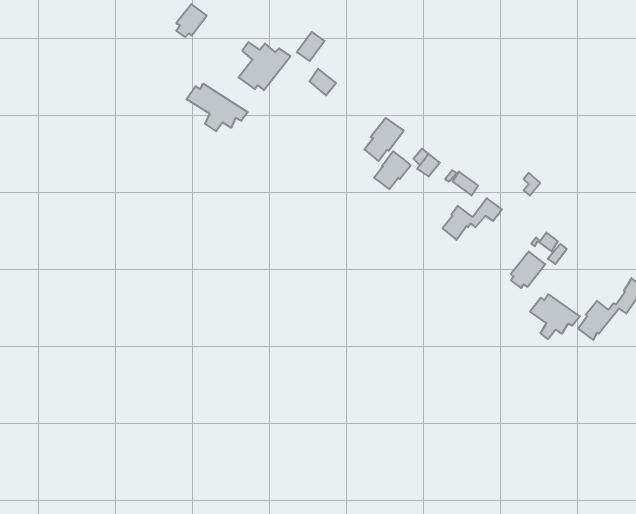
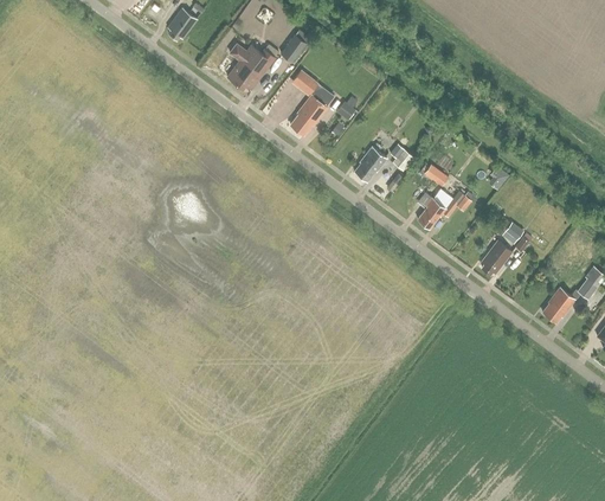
building: [186,84,248,131] -> none
building: [364,118,404,161] -> [289,95,326,135]
building: [530,294,580,339] -> none

